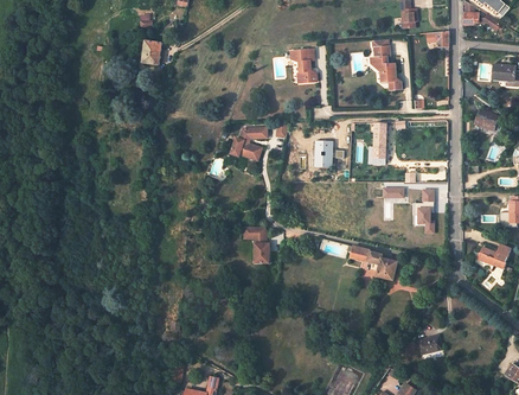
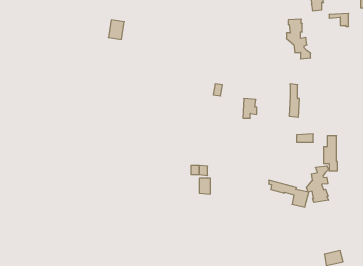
building: [290,49,316,82] -> none
building: [230,128,267,161] -> none
building: none -> [306,166,328,202]

